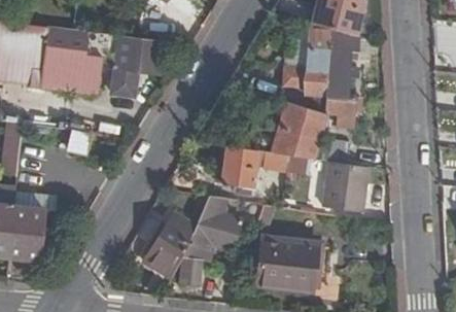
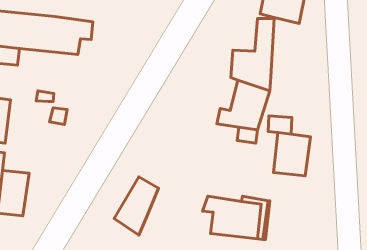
building: [324,29,360,130] -> none
building: [111,34,165,94] -> none
building: [31,65,101,93] -> none
building: [220,147,258,189] -> none
building: [181,197,243,282] -> none

